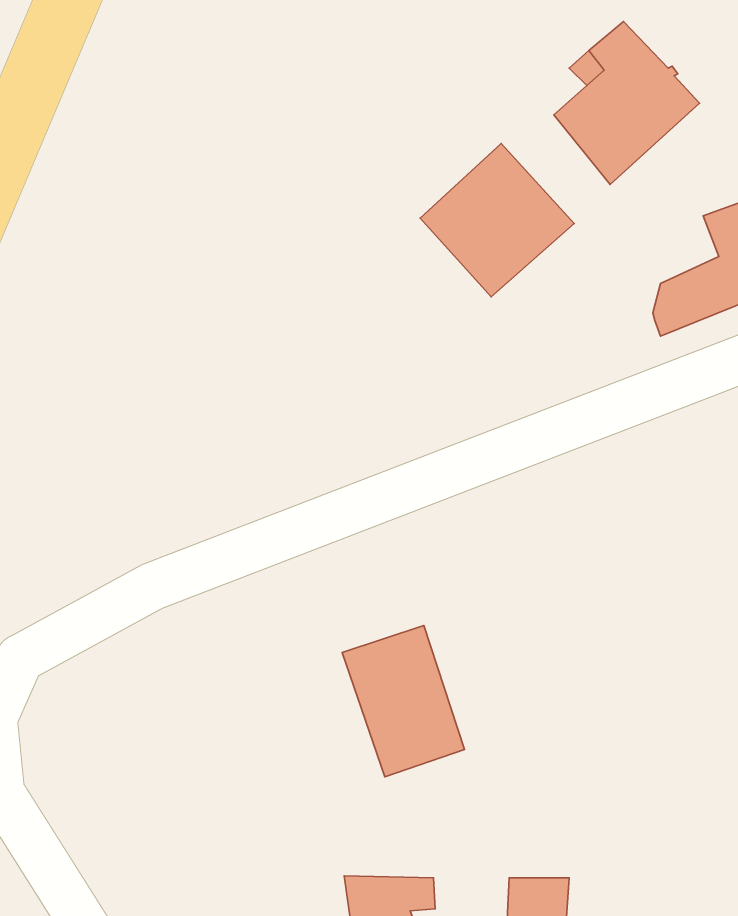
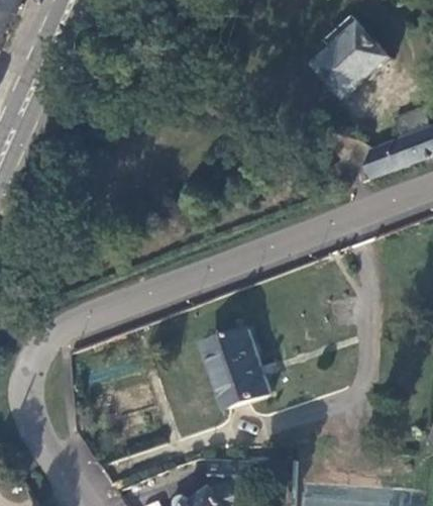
building: [420,144,574,297] -> none

